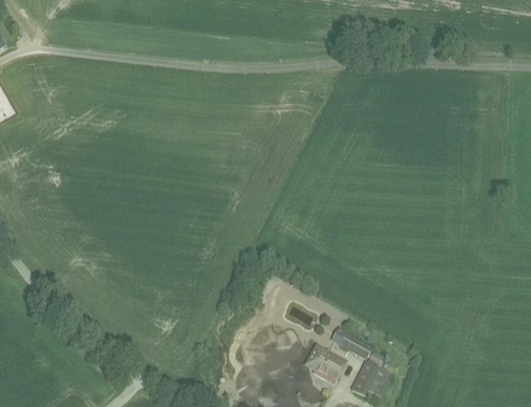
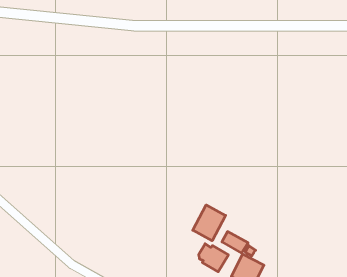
building: none -> [193,205,226,241]

